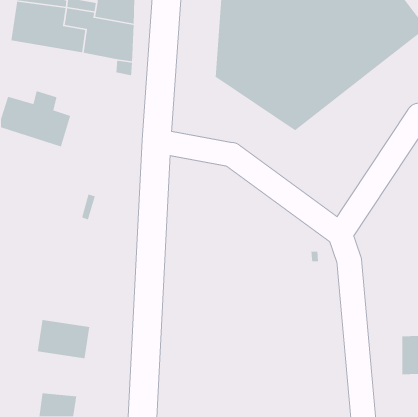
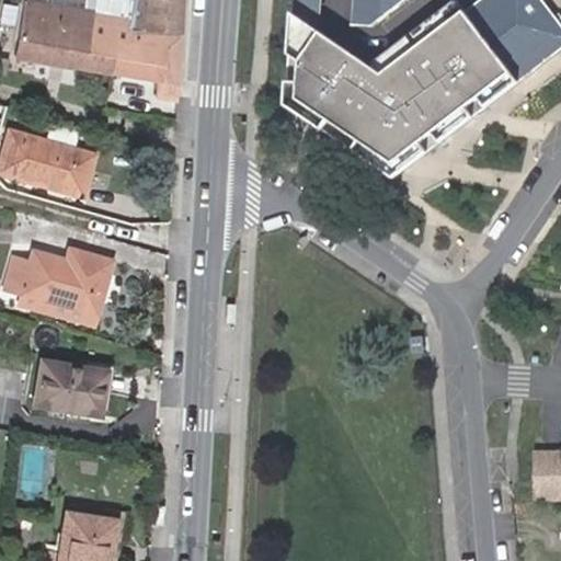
building: none -> [7,250,113,325]
building: [37,319,90,359] -> [35,359,106,413]

